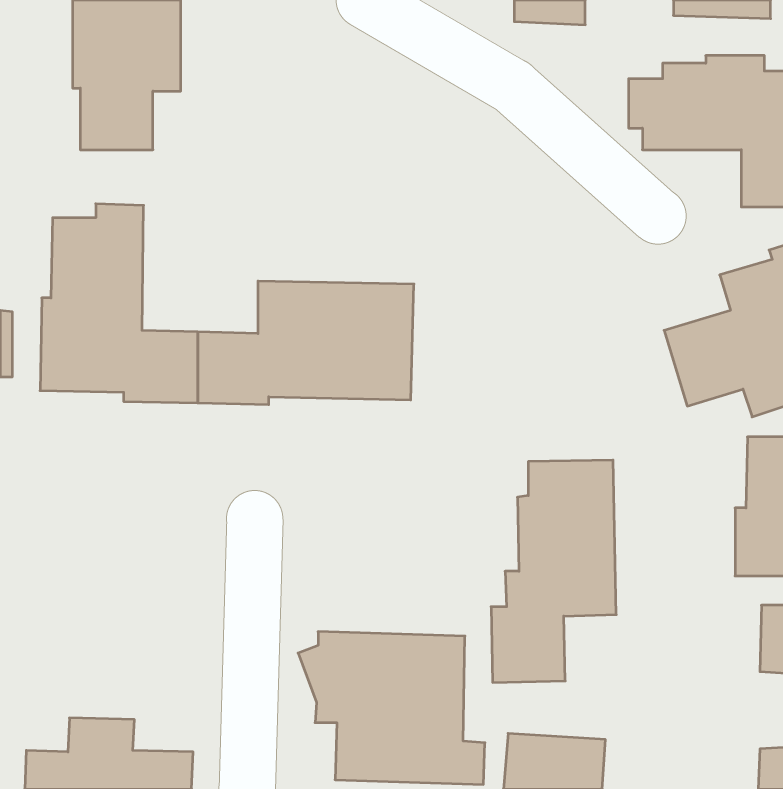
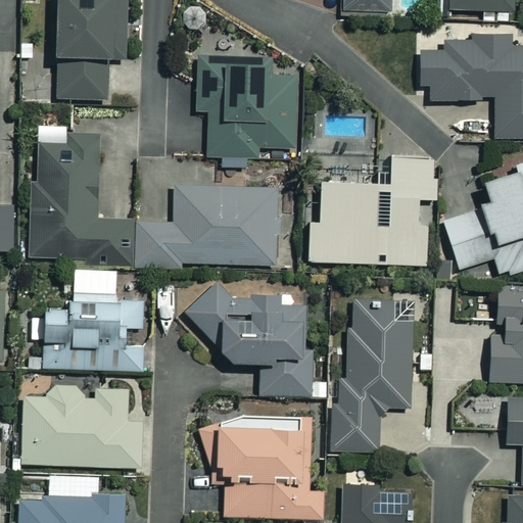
building: none -> [197,56,295,158]
building: none -> [308,160,437,265]
building: none -> [184,284,313,397]
building: none -> [42,297,148,370]
building: none -> [23,387,147,468]

